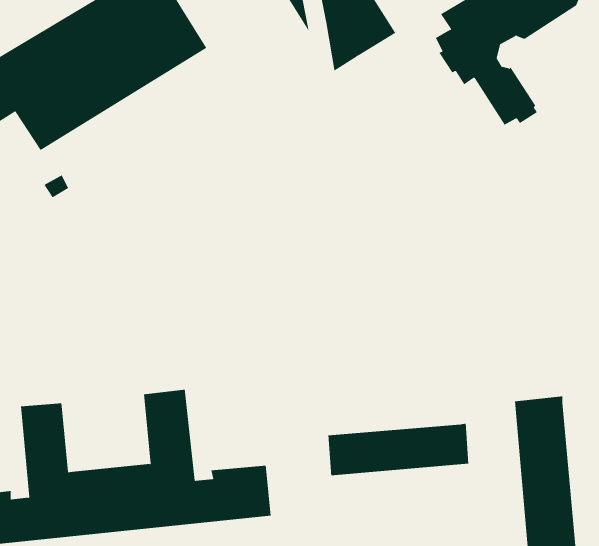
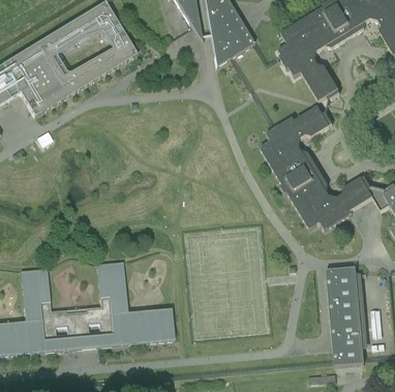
building: none -> [259,104,372,229]
building: [328,423,469,476] -> none

